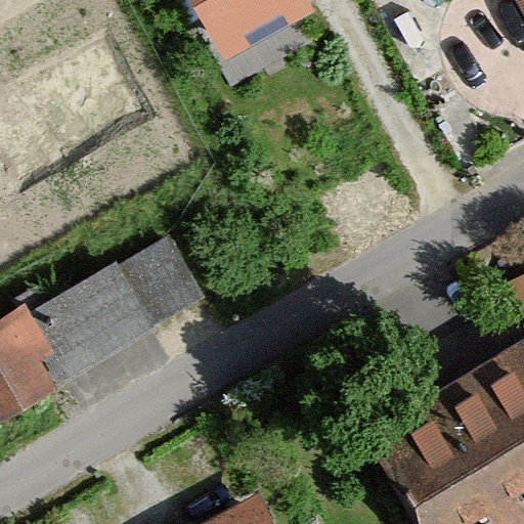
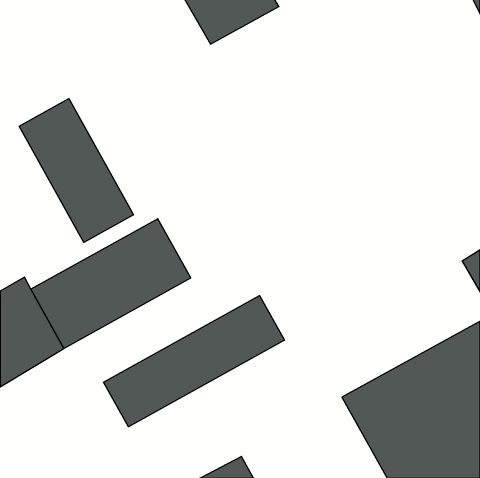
building: none -> [19,99,133,242]
building: none -> [104,296,284,427]

